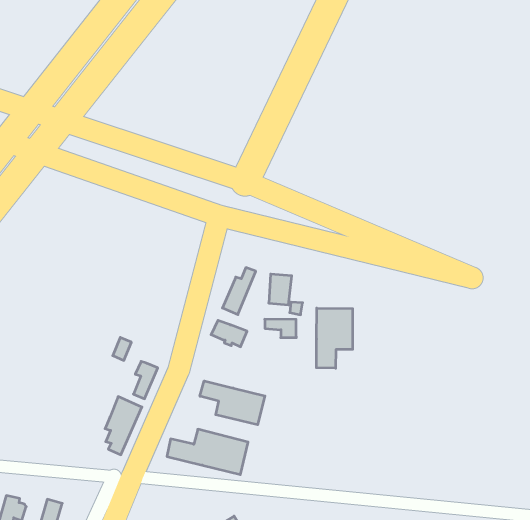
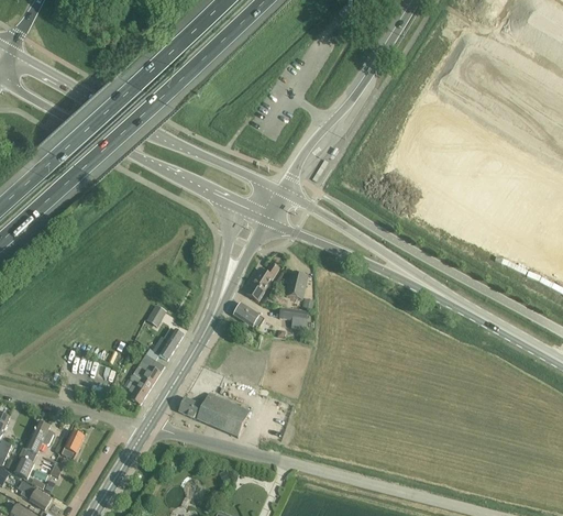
building: [316,308,353,368] -> none
building: [200,381,265,425] -> none

